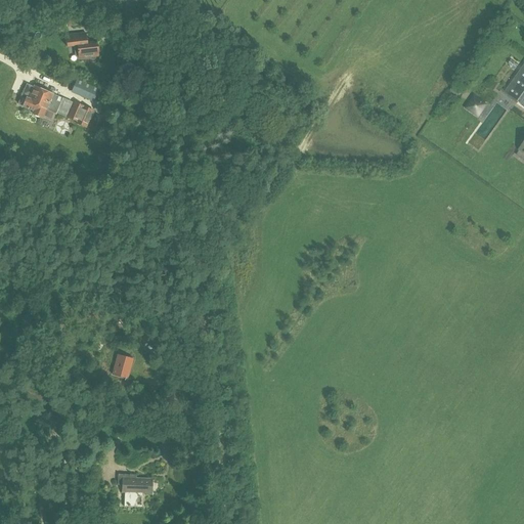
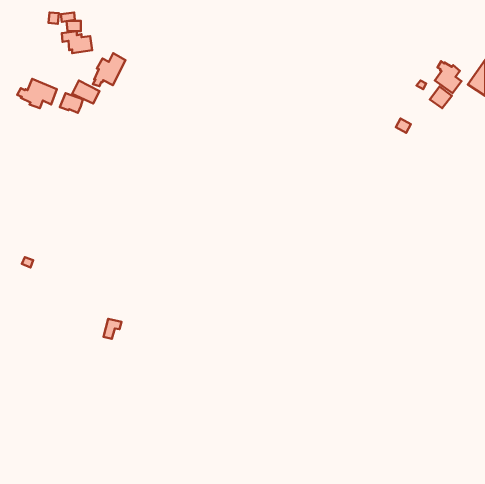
building: none -> [93,53,125,86]
building: none -> [435,61,462,93]
building: [119,474,152,506] -> none

